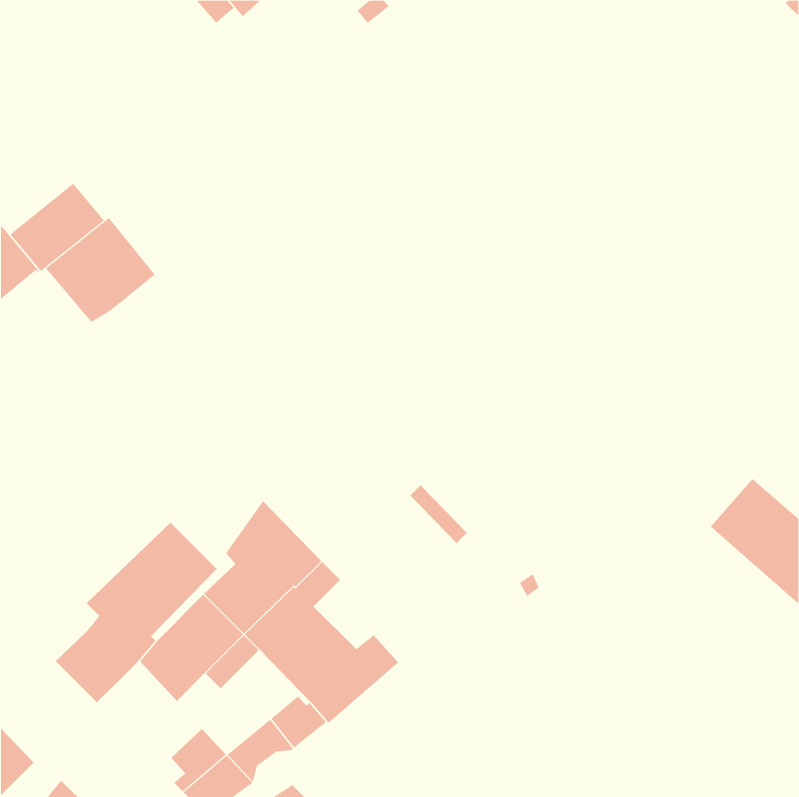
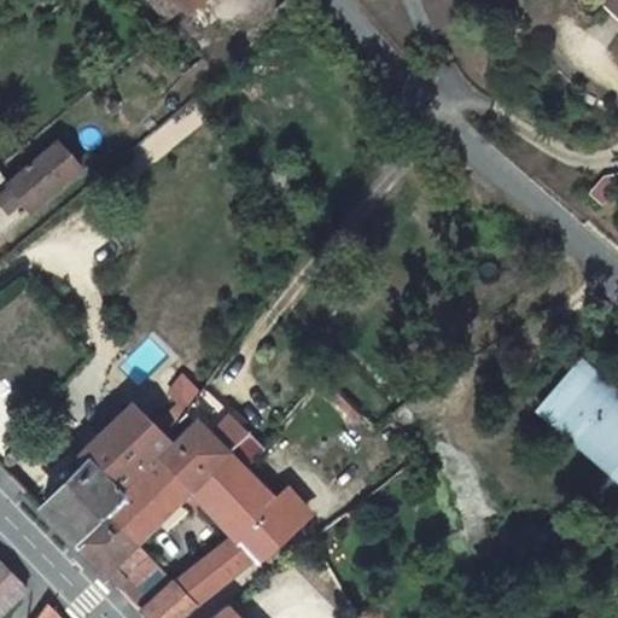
building: [45,217,156,323] -> none
building: none -> [75,512,148,589]

